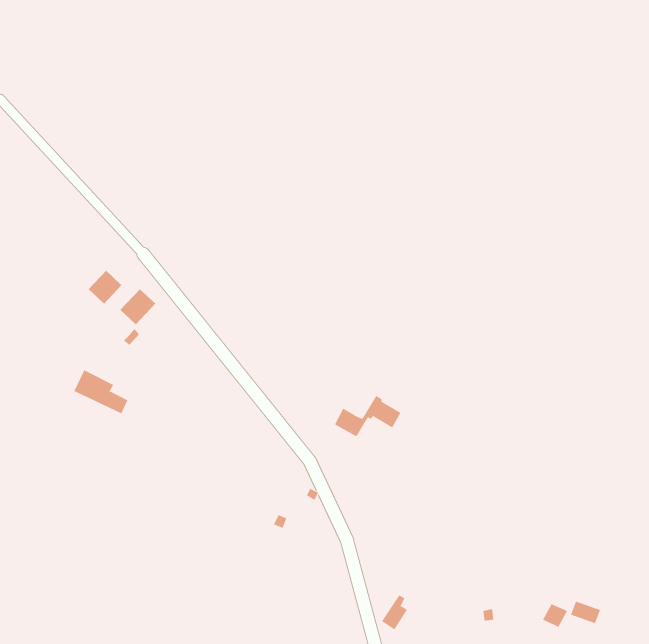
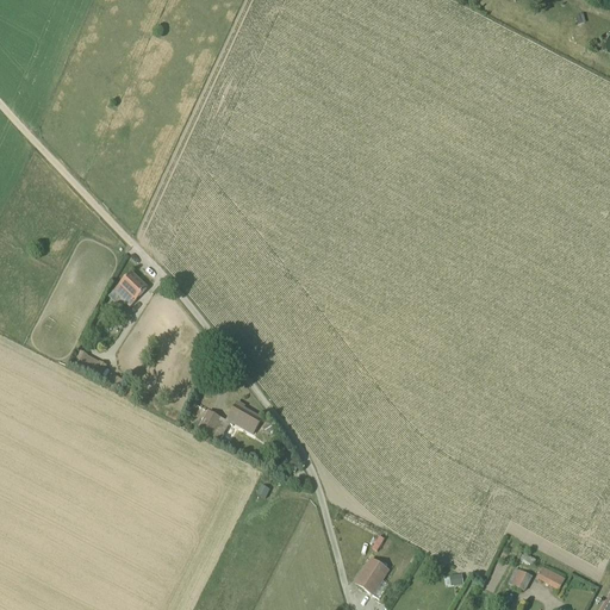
building: [88,270,122,304] -> none
building: [334,395,401,437] -> [198,400,261,440]

